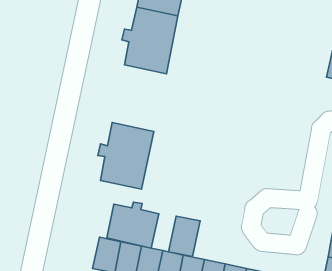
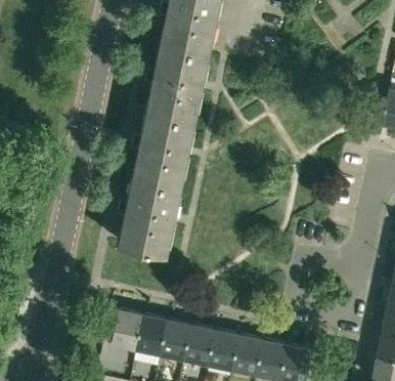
building: none -> [132,110,196,186]
building: [107,202,159,248] -> none
building: [169,216,200,256] -> none

